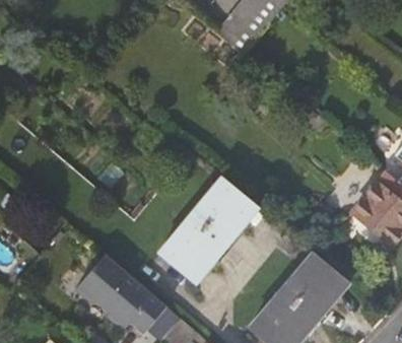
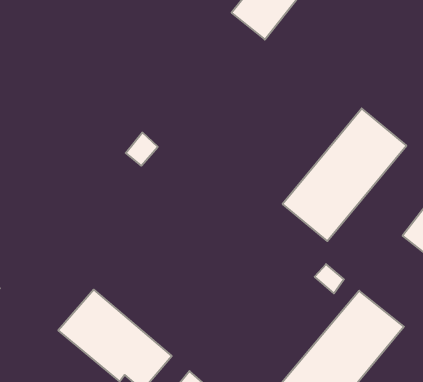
building: [159,179,258,284] -> [283,108,406,241]

